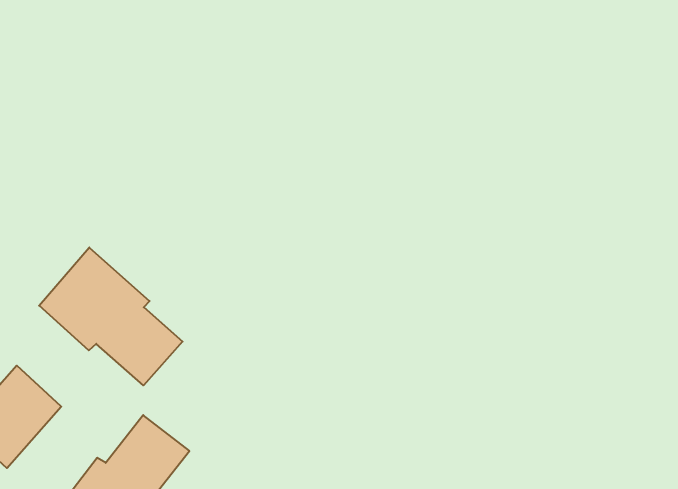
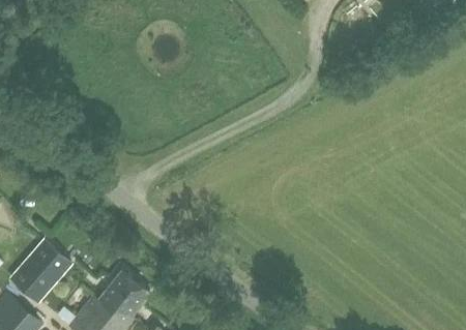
building: [39,247,183,385] -> none

